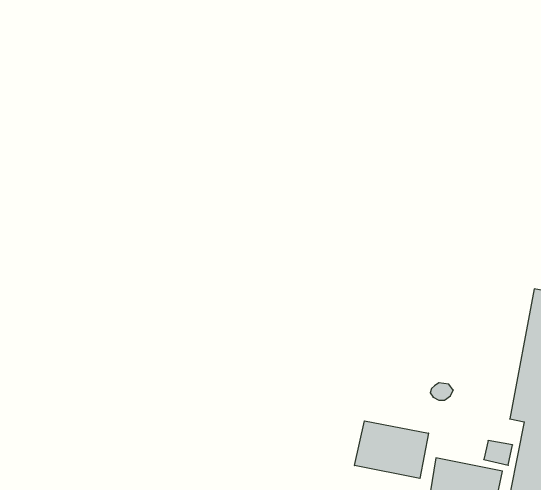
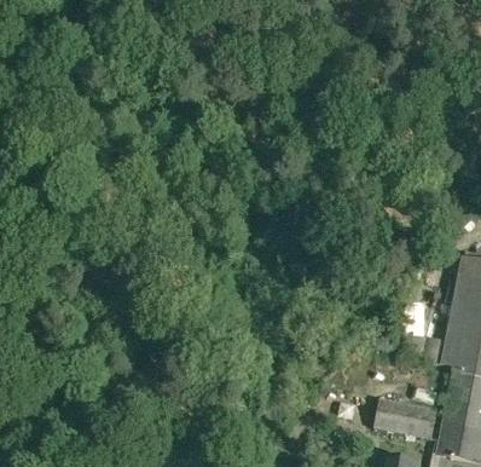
building: [355,421,428,478] -> none

